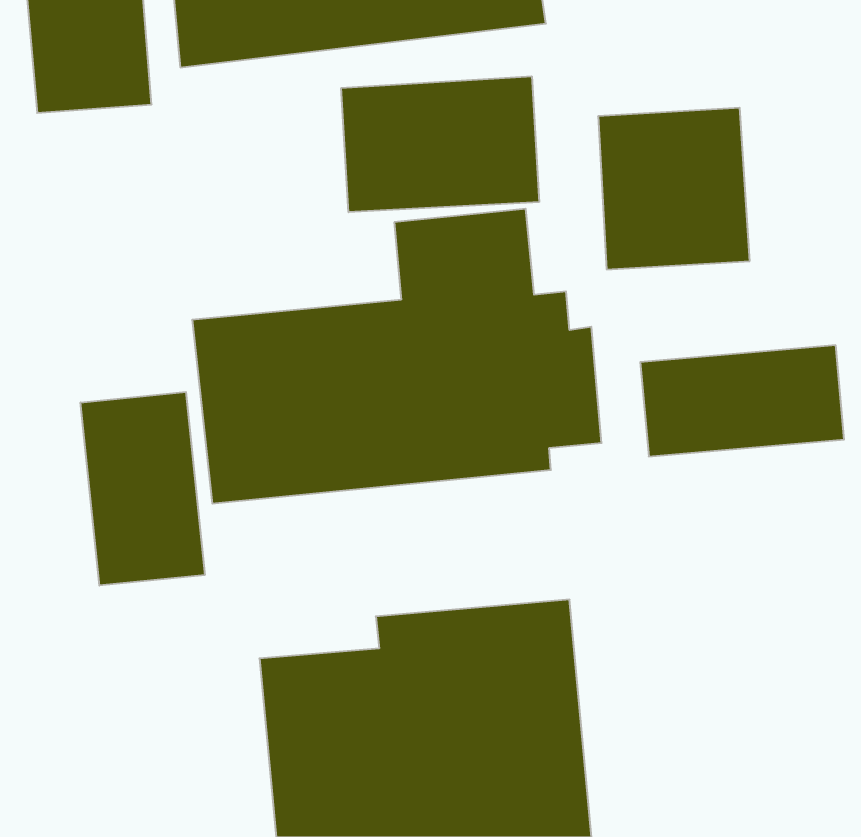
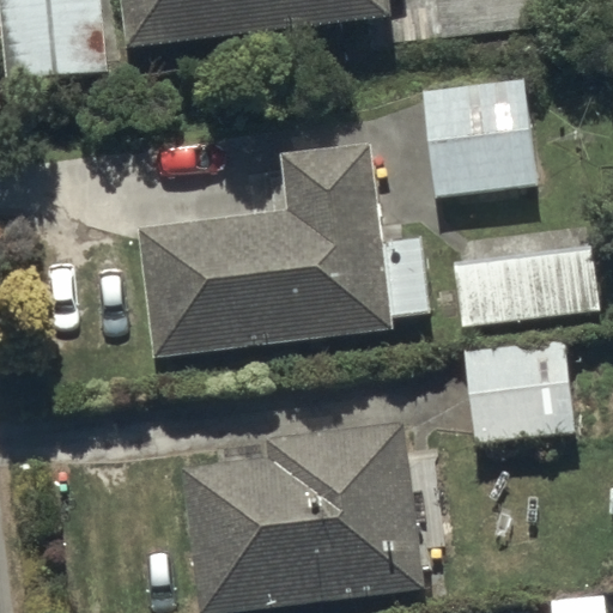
building: [341,76,539,212] -> none
building: [81,392,205,586] -> none
building: none -> [463,336,579,441]

